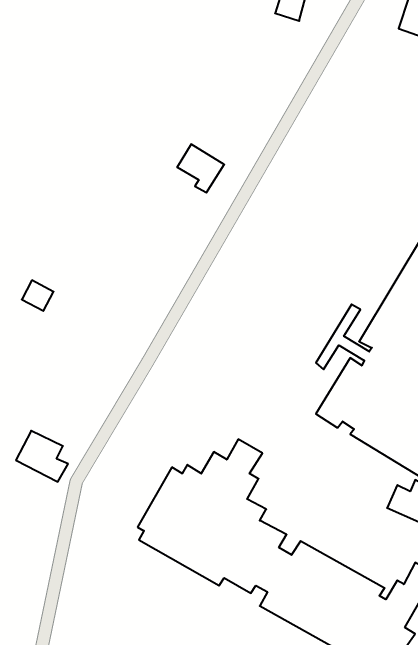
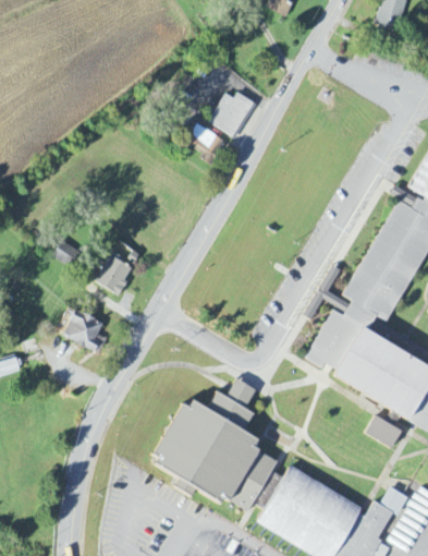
building: none -> [208,94,255,138]
building: none -> [95,251,139,295]
building: [16,431,68,482] -> [62,311,107,354]

